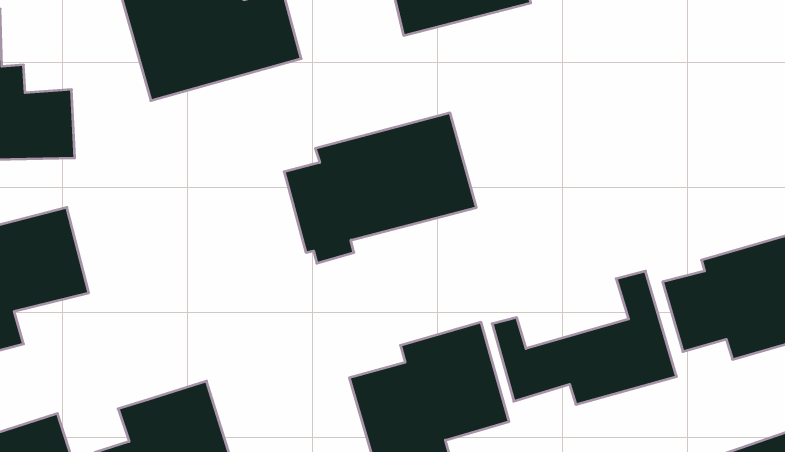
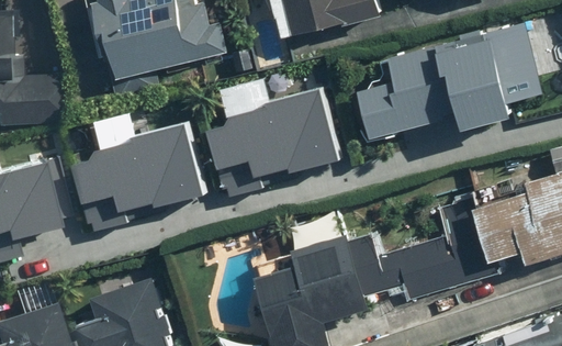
building: none -> [353,24,544,139]
building: none -> [71,124,203,231]

